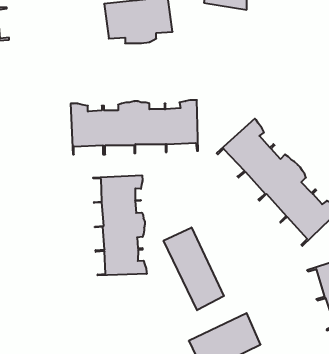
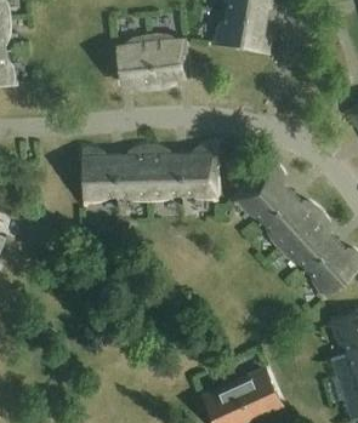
building: [93,175,147,275] -> none
building: [164,227,224,310] -> none

